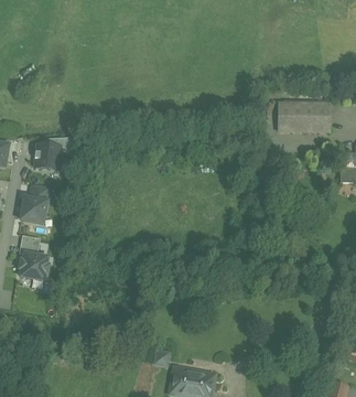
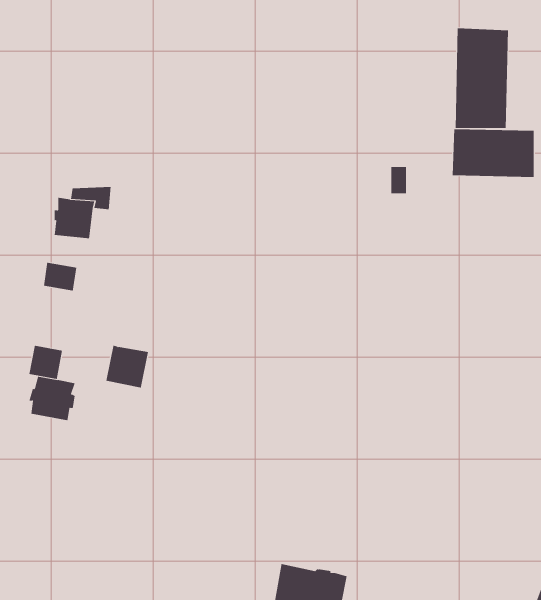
building: none -> [455,28,508,129]
building: [21,196,47,223] -> [106,345,149,388]

